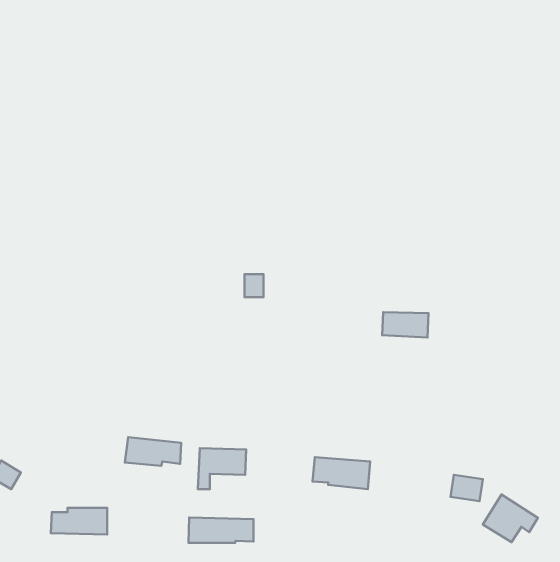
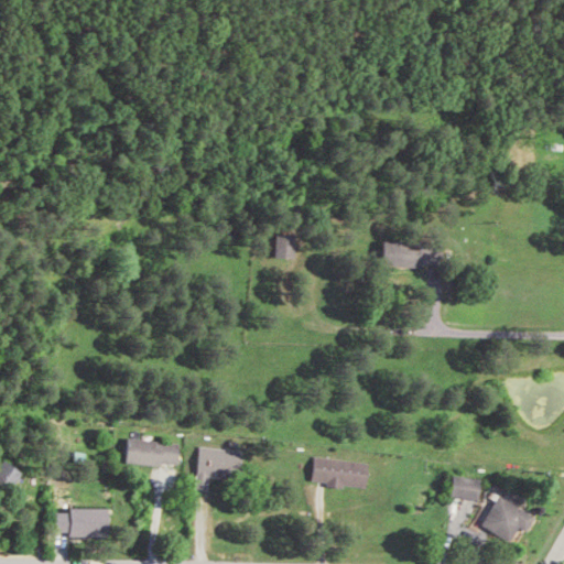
building: [245,274,263,297] -> [276,236,295,259]
building: [382,312,429,337] -> [381,243,427,269]
building: [189,518,254,543] -> none

